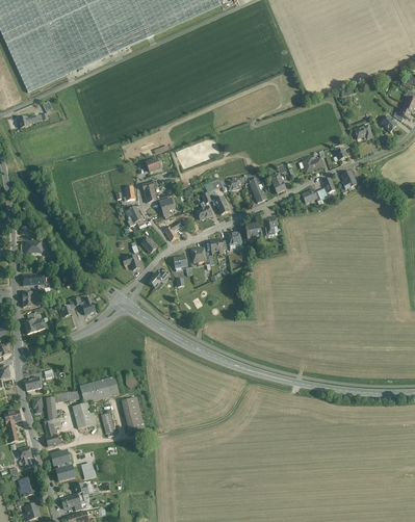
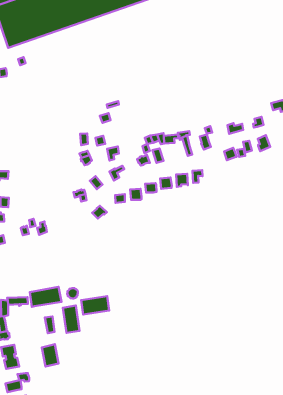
building: none -> [81,296,109,315]
building: [72,401,94,429] -> [42,344,58,366]

